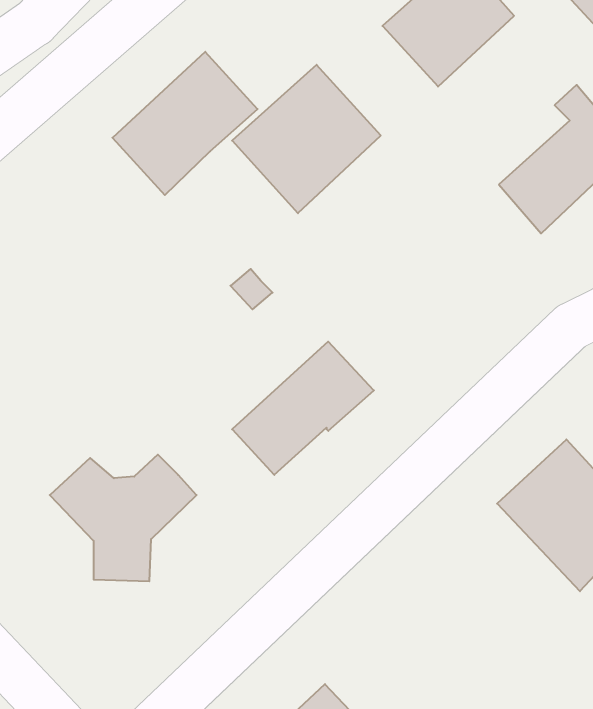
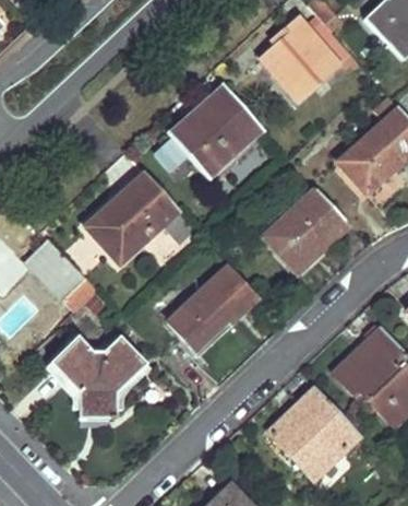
building: [112,52,258,195] -> [86,172,180,264]
building: none -> [263,189,347,271]
building: none -> [25,242,97,314]
building: none -> [269,387,362,479]

